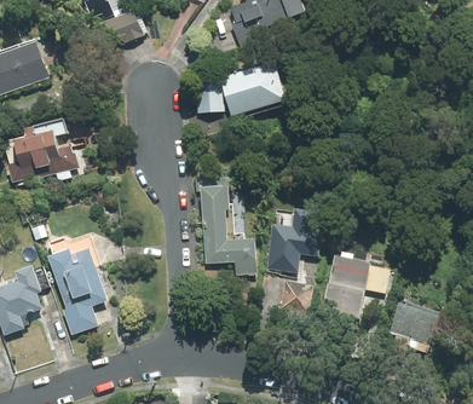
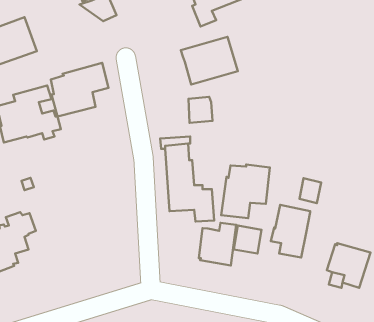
building: [197,82,225,112] -> [189,97,212,123]
building: none -> [51,63,109,117]
building: [50,233,109,333] -> none
building: [365,264,391,293] -> [299,178,321,203]
building: none -> [199,223,236,266]

